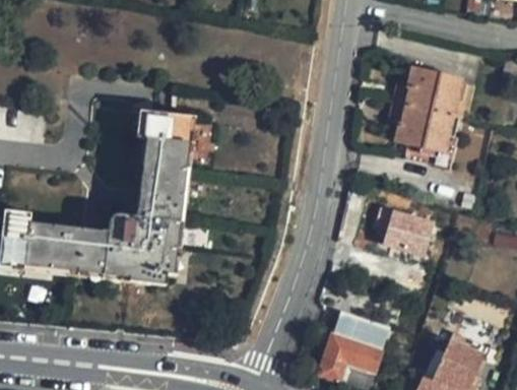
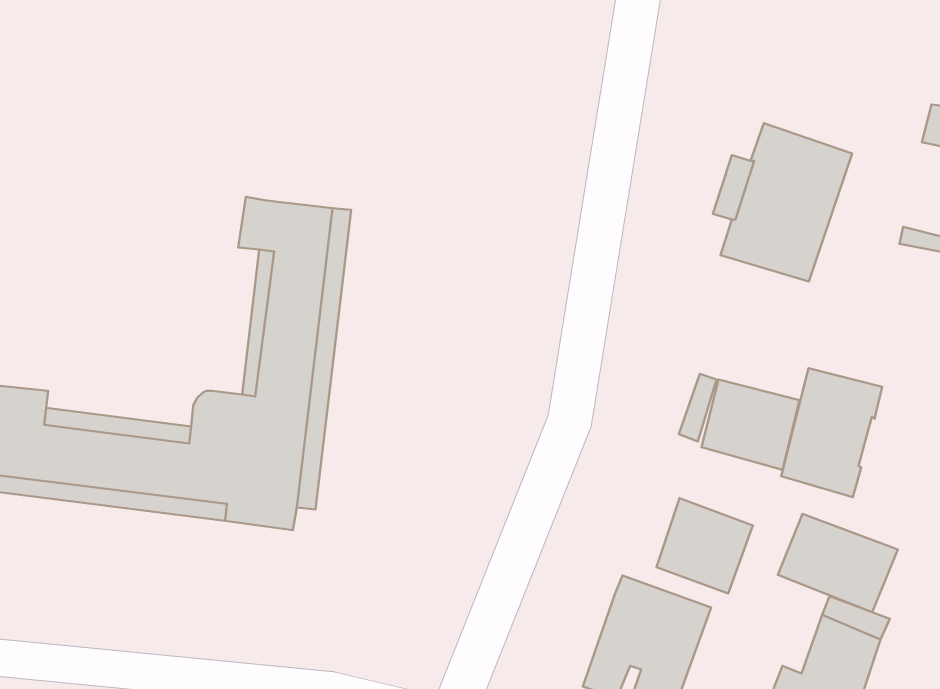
building: none -> [781,368,882,497]
building: none -> [657,498,753,594]
building: none -> [778,514,898,612]

